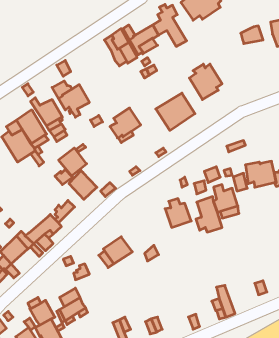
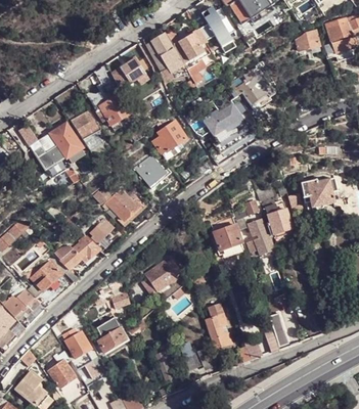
building: none -> [111,58,149,90]
building: [59,148,87,176] -> [136,155,167,186]
building: none -> [205,303,233,350]

